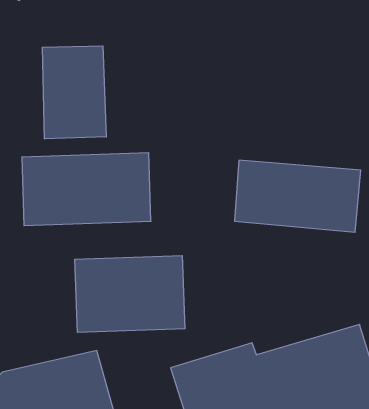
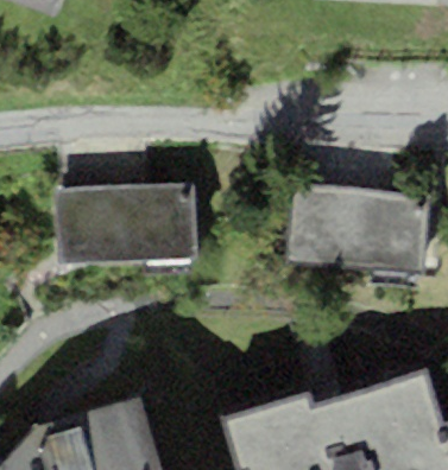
building: [42,46,106,139] -> none
building: [75,256,185,332] -> none

